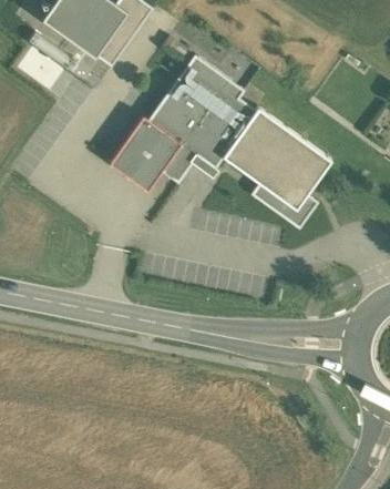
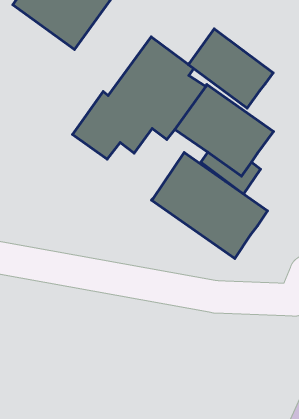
building: none -> [188,29,273,108]
building: none -> [151,152,268,259]

